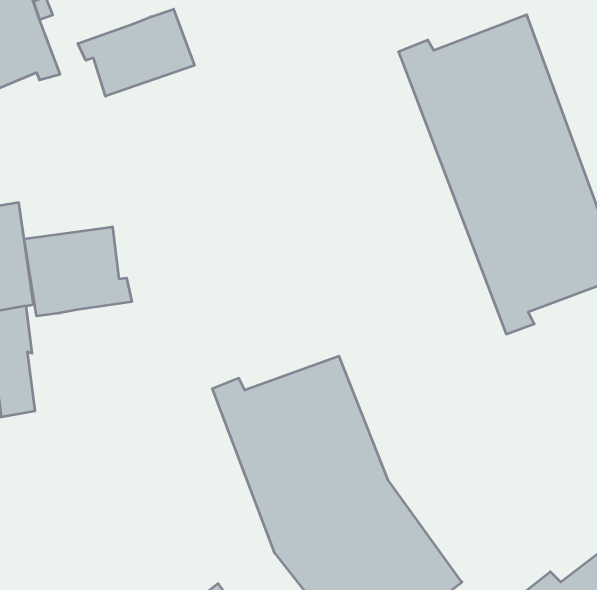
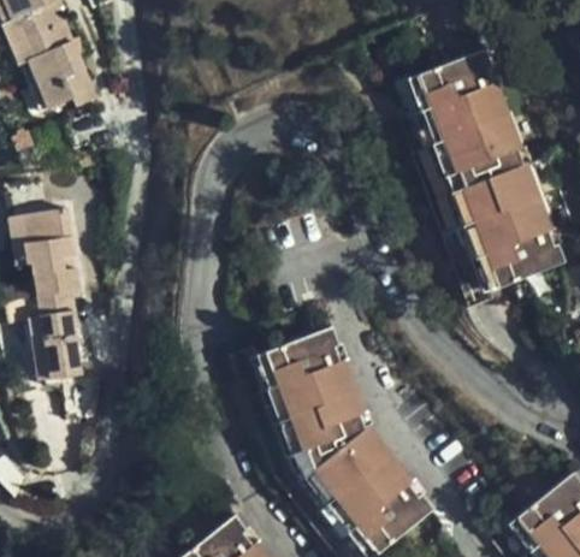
building: [78,9,194,96] -> none
building: [24,227,132,316] -> none

